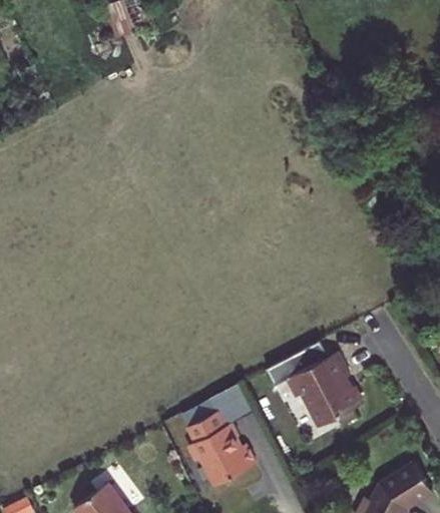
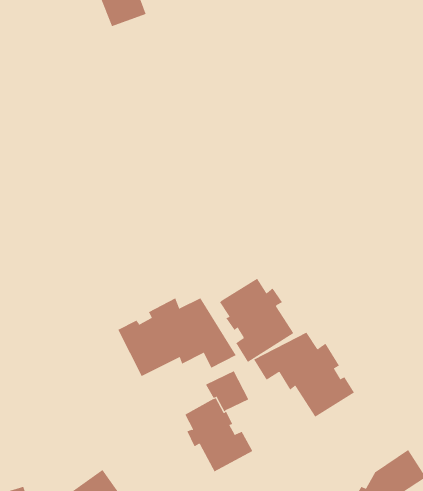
building: none -> [219,278,294,363]
building: none -> [117,297,236,377]

